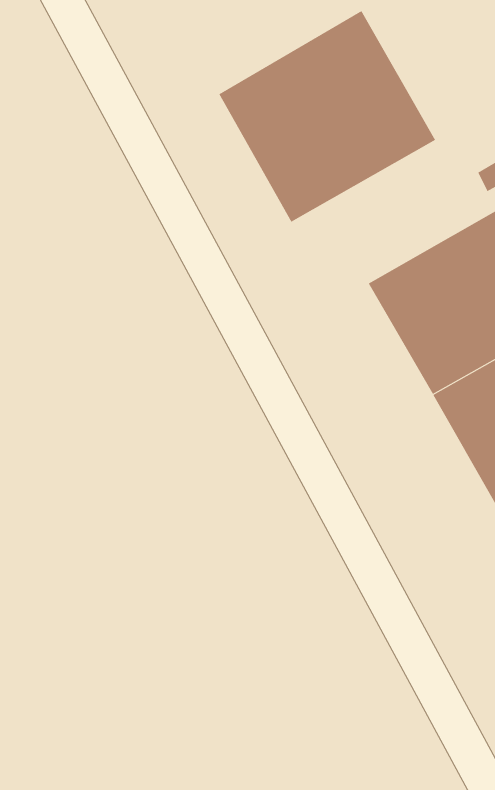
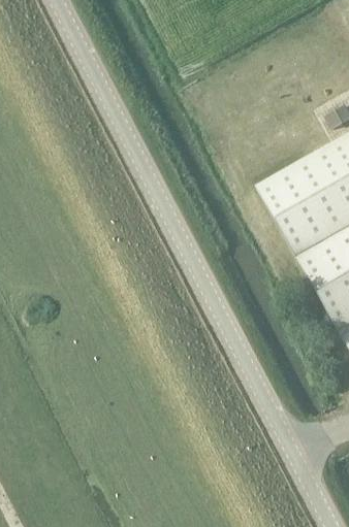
building: [218,10,436,223] -> none

